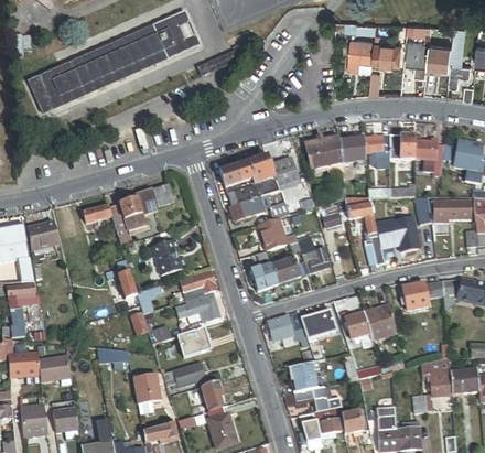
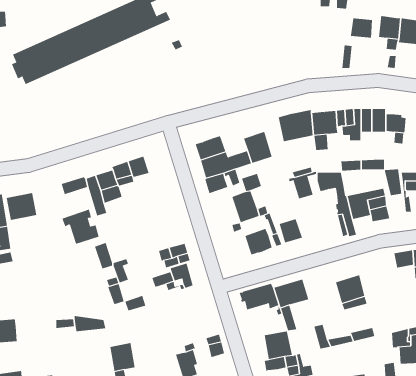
building: [349,39,374,73] -> none
building: [247,155,274,184] -> none
building: [147,237,185,273] -> [62,209,99,244]
building: [250,262,278,292] -> none
building: [402,282,428,310] -> none
building: [345,312,370,338] -> none
building: [179,326,214,356] -> none
building: [39,353,72,380] -> none
building: [164,362,206,387] -> none

